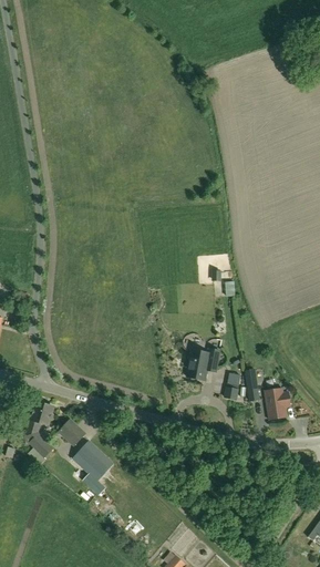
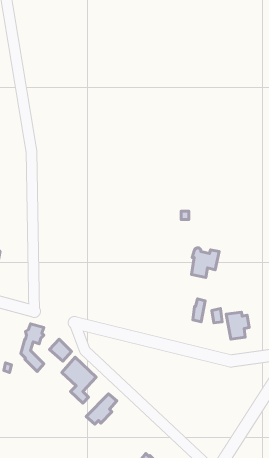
building: [187,347,219,381] -> [191,248,219,277]
building: none -> [86,394,117,424]

